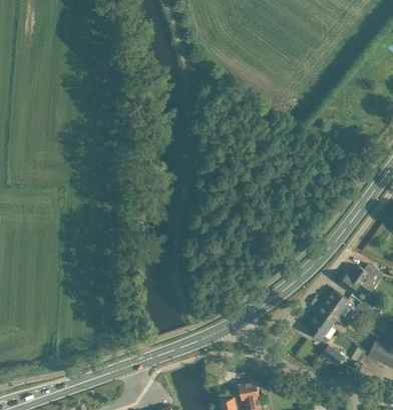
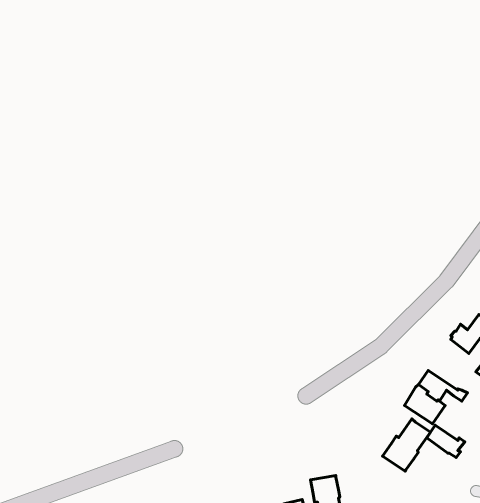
building: [323,291,354,321] -> none
building: none -> [382,419,431,471]

